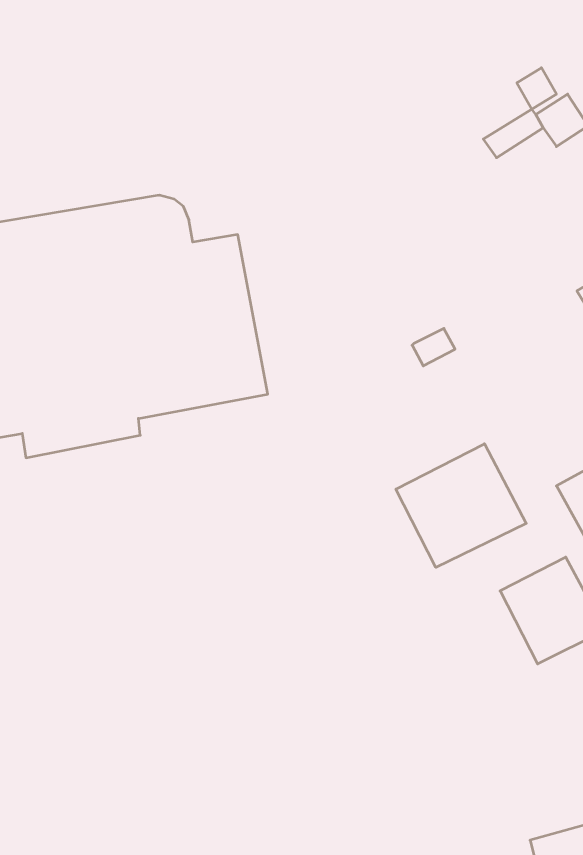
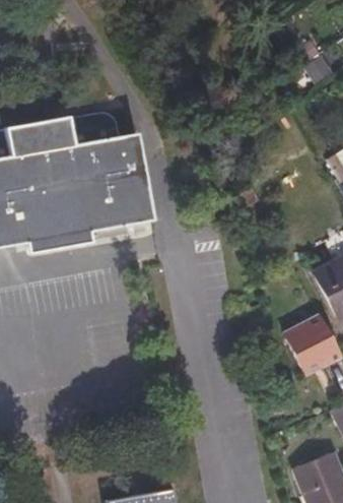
building: [396,444,526,567] -> none

